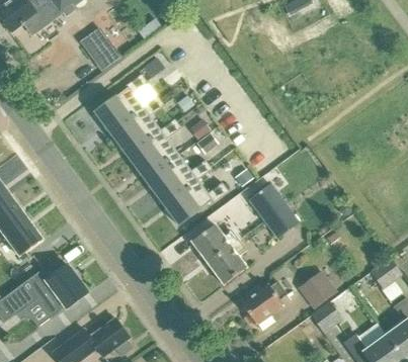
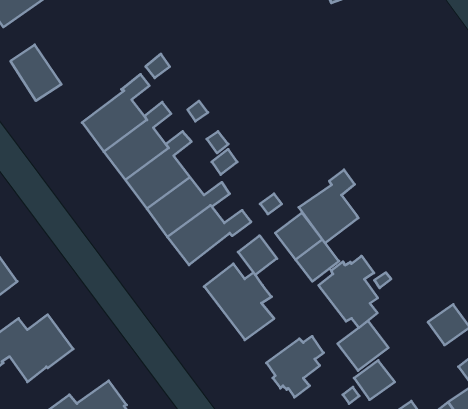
building: [81,25,121,70] -> [11,45,61,101]
building: none -> [299,170,358,243]
building: none -> [238,236,277,275]
building: none -> [319,256,378,328]

